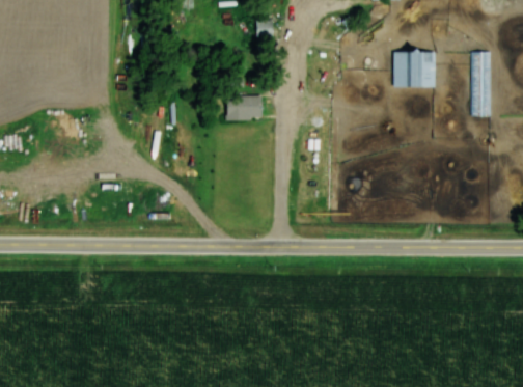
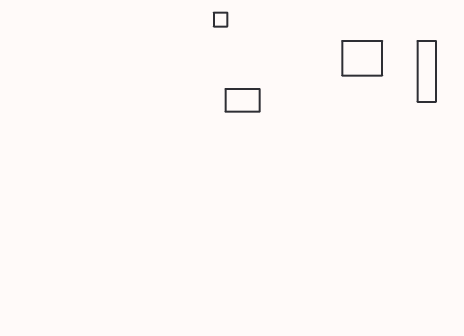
building: [224,96,260,120] -> [225,89,260,112]

